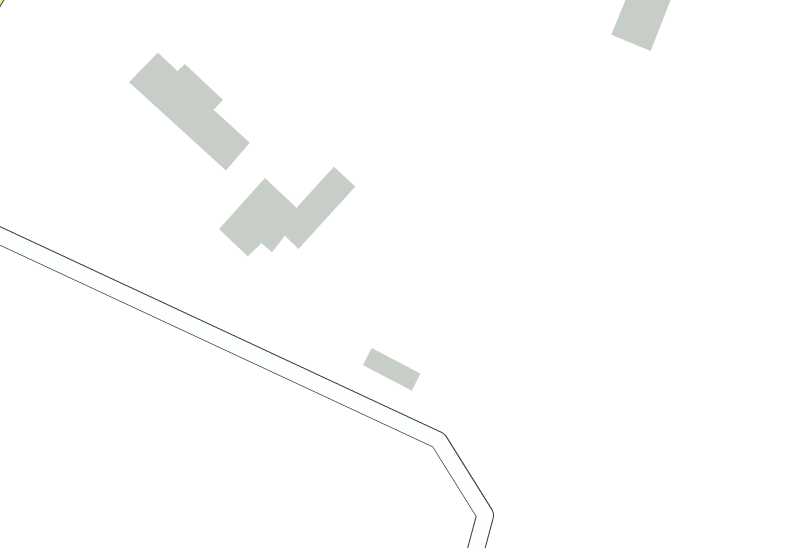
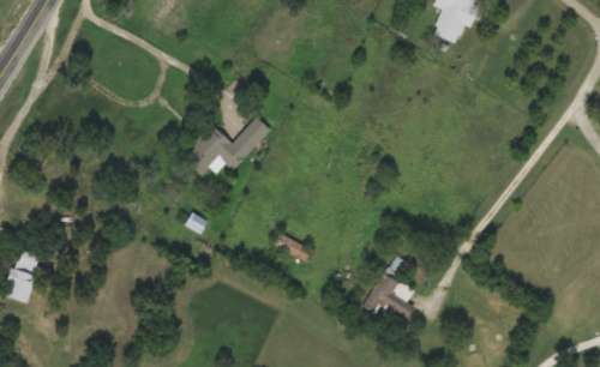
building: [128,52,251,171] -> none
building: none -> [361,272,414,319]

